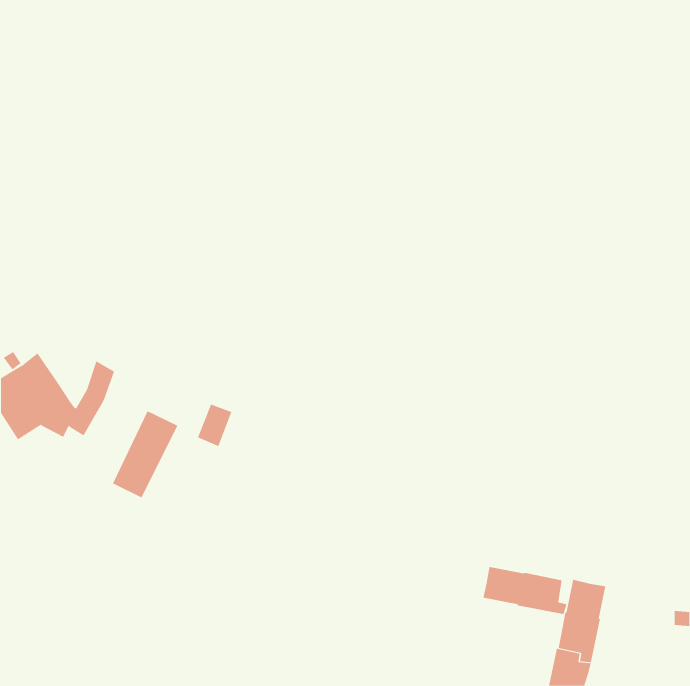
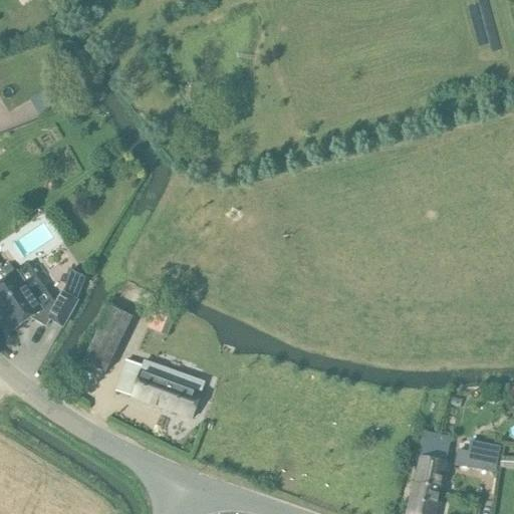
building: none -> [116,358,205,417]
building: [483,566,567,615] -> none
building: none -> [455,439,488,469]

